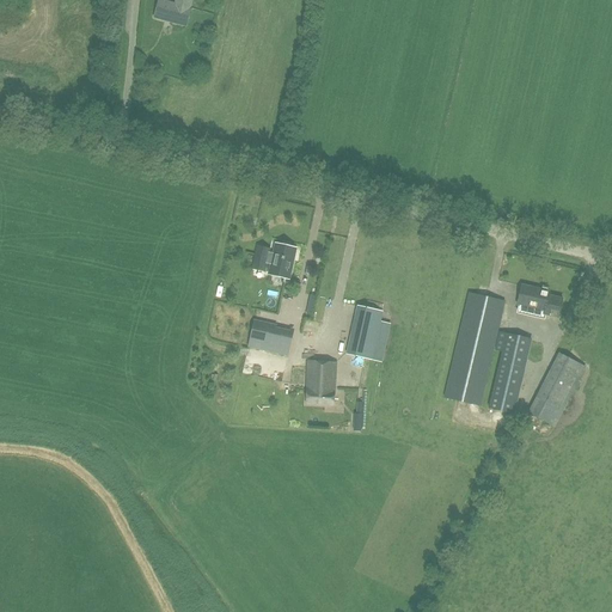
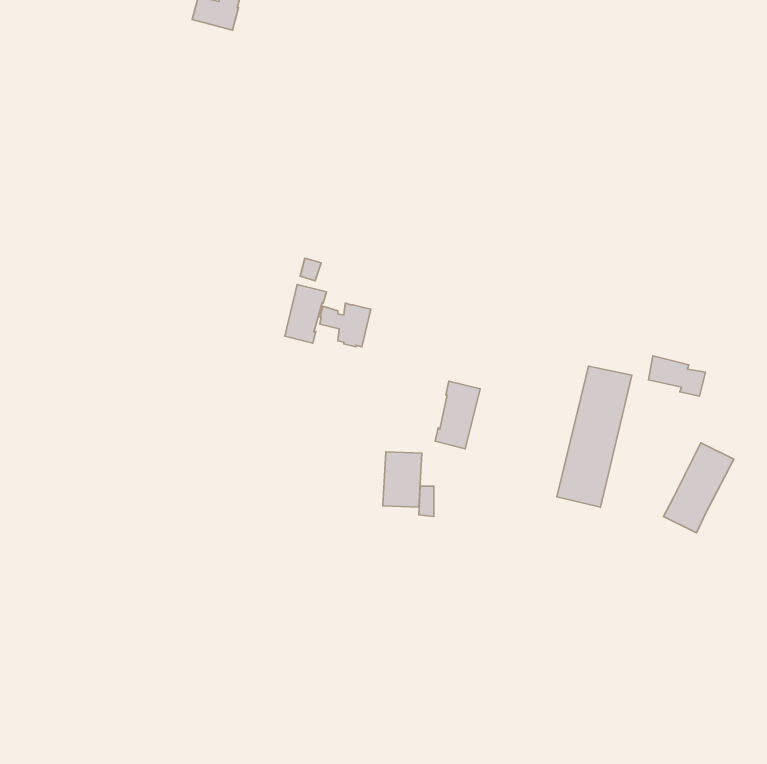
building: none -> [285,284,326,343]
building: [249,319,293,351] -> none
building: [489,323,531,412] -> none

